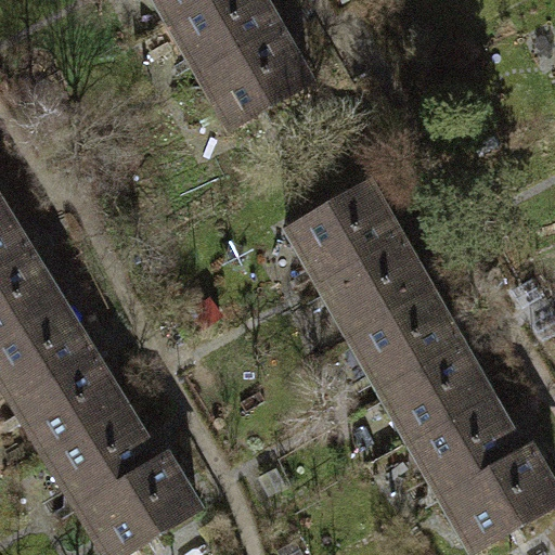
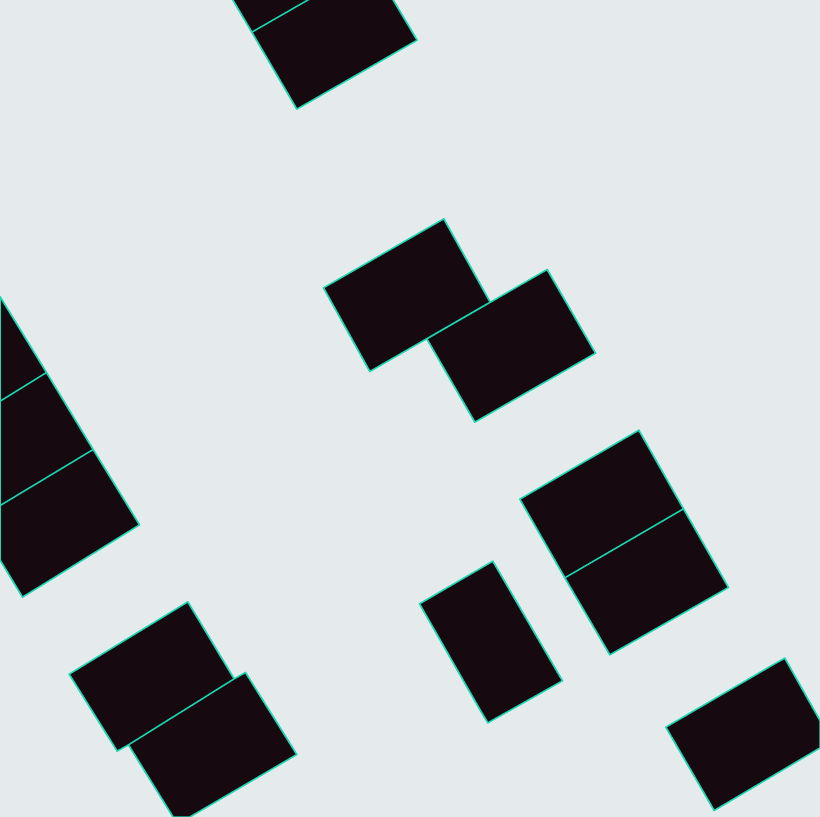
building: [201,27,313,130] -> [323,219,490,371]
building: [321,238,431,337] -> none
building: [15,354,127,455] -> none
building: none -> [420,561,562,723]
building: [412,397,522,495] -> none

